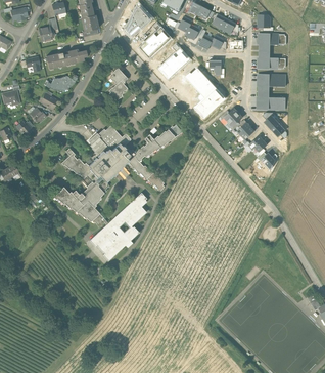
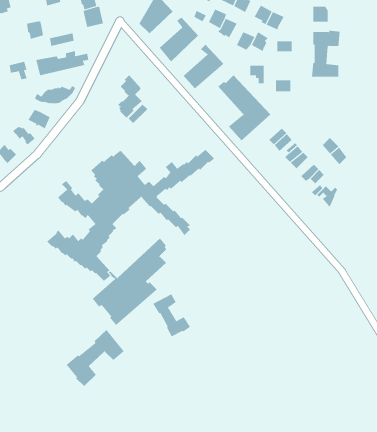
building: [256,74,285,110] -> none
building: none -> [152,294,191,337]
building: none -> [66,329,125,387]

